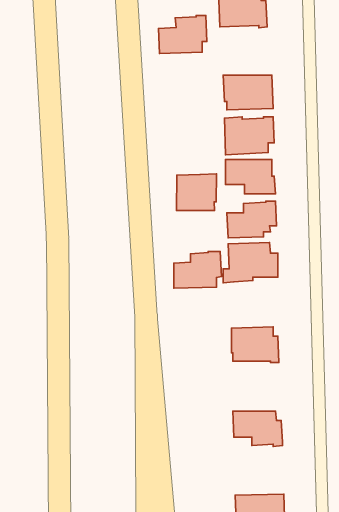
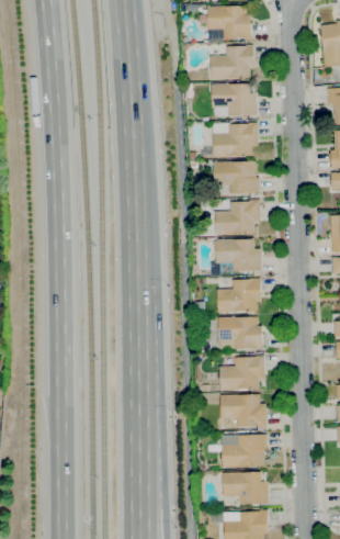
building: [158,15,207,53] -> [209,45,254,80]
building: [177,174,217,211] -> none
building: [174,251,221,288] -> [217,279,261,313]
building: none -> [219,356,264,391]
building: none -> [220,435,267,469]

